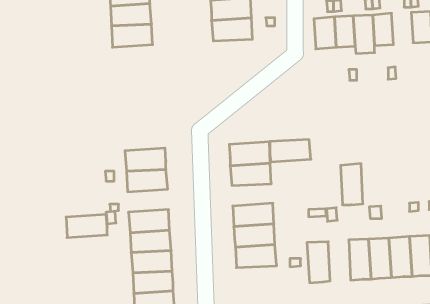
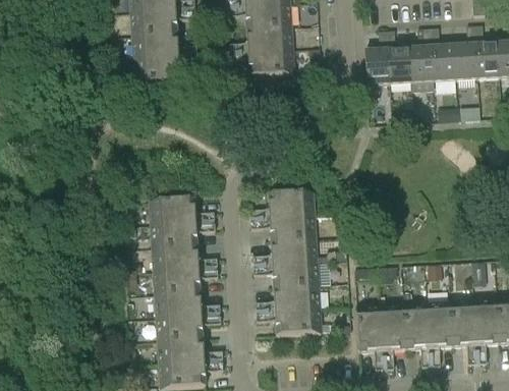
building: none -> [453,43,477,79]
building: [270,140,311,162] -> [271,238,318,264]
building: [341,164,363,205] -> [381,302,406,349]
building: [66,214,107,238] -> [152,244,199,271]

